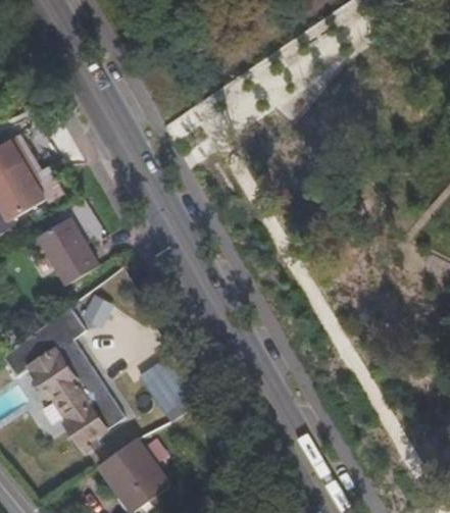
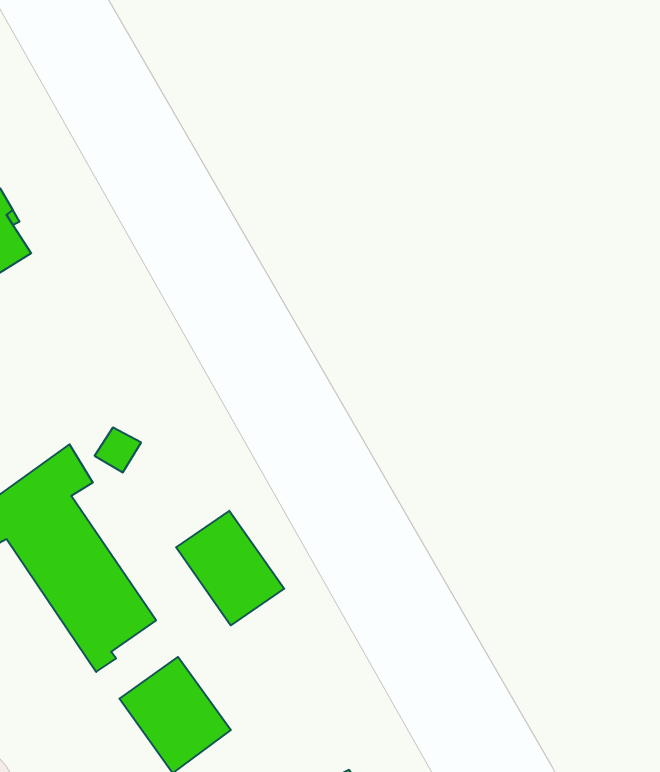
building: [32,216,94,283] -> none

